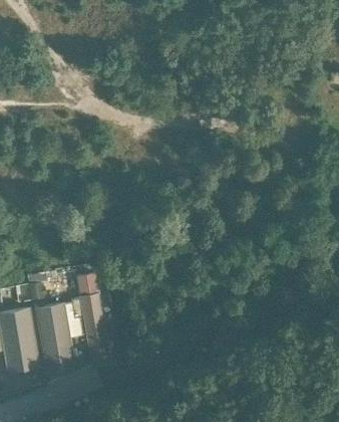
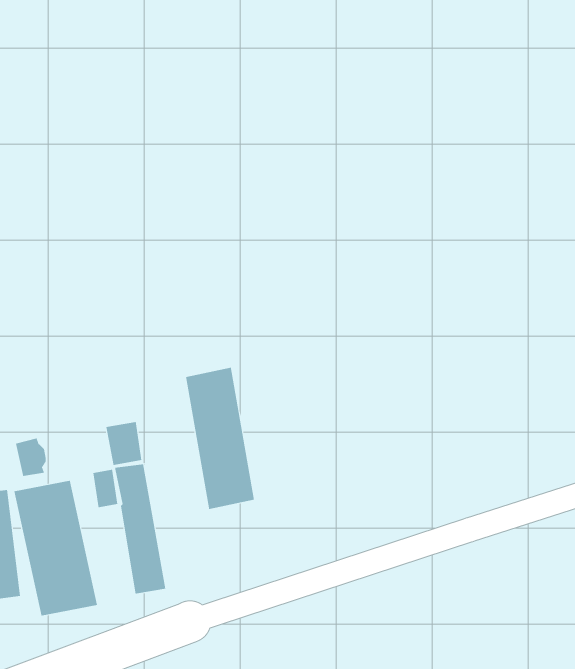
building: none -> [185,367,255,510]

